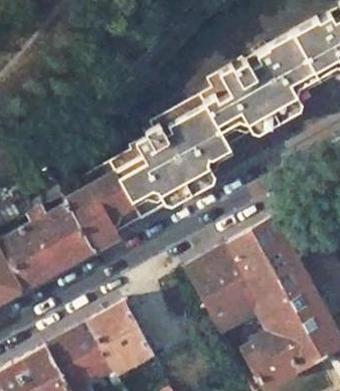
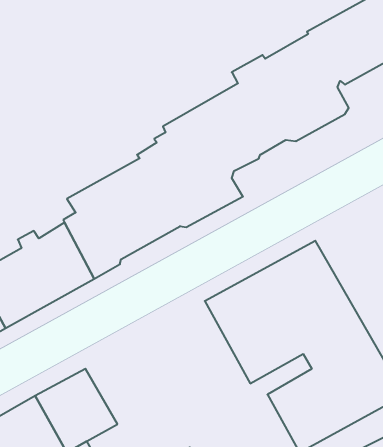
building: [84,302,151,373] -> none

